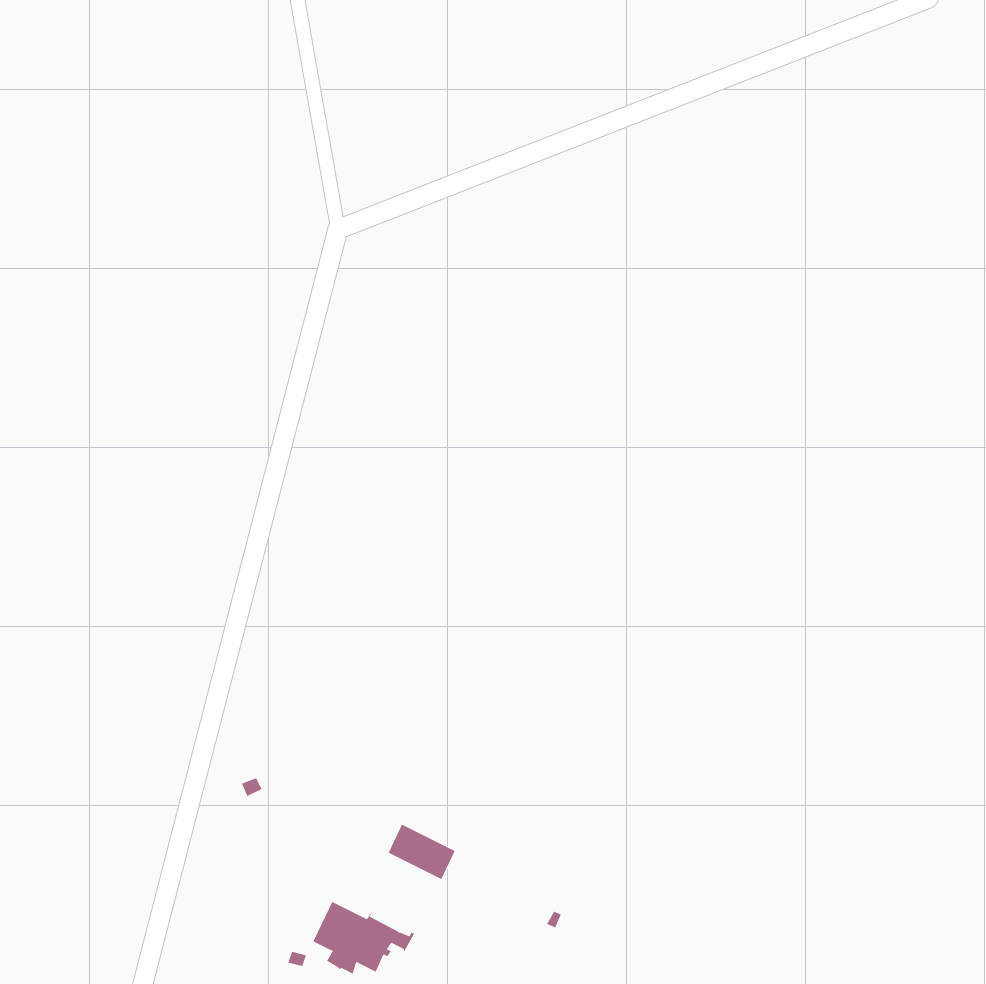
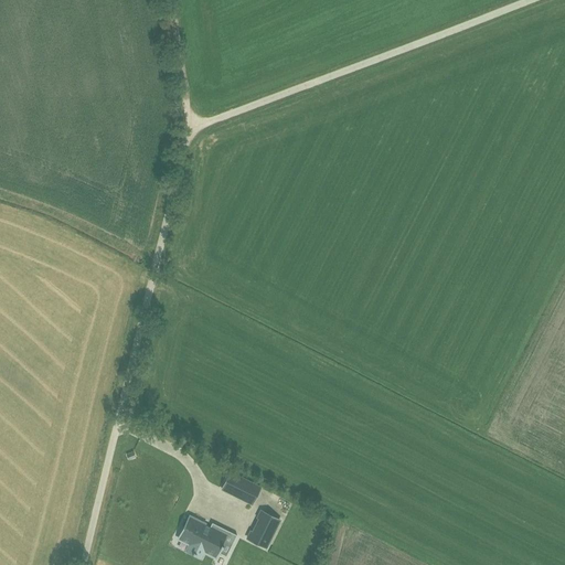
building: none -> [247,510,280,547]

